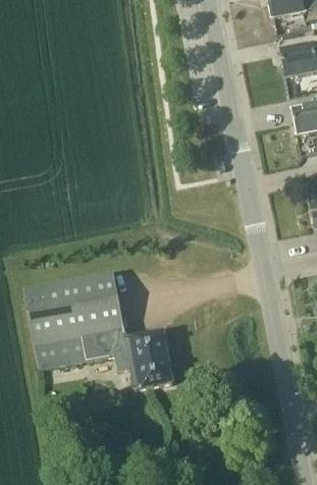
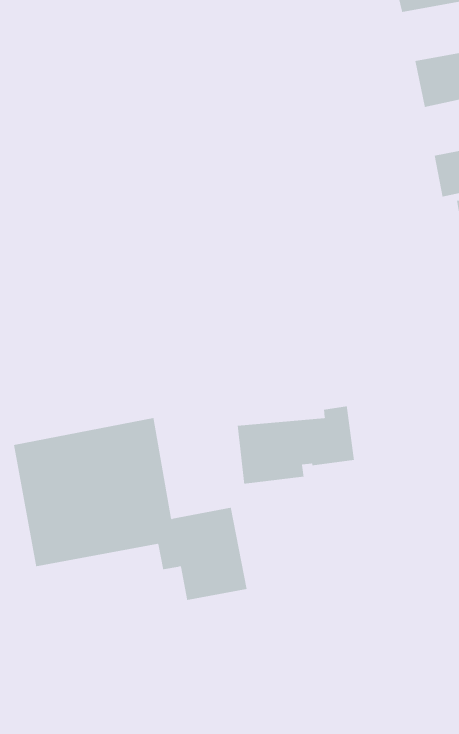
building: none -> [237,406,354,485]

